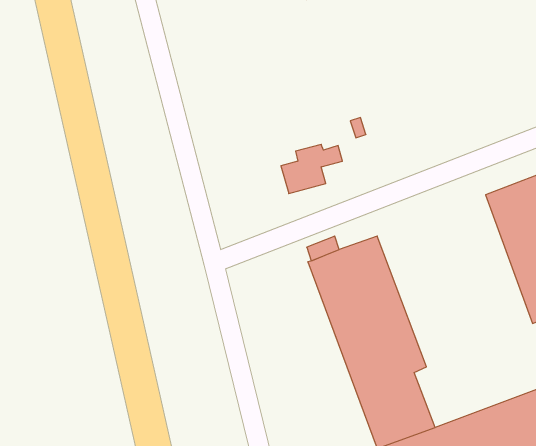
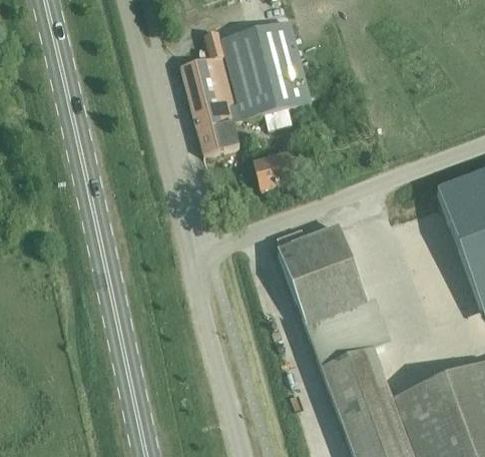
building: none -> [181,20,312,149]

